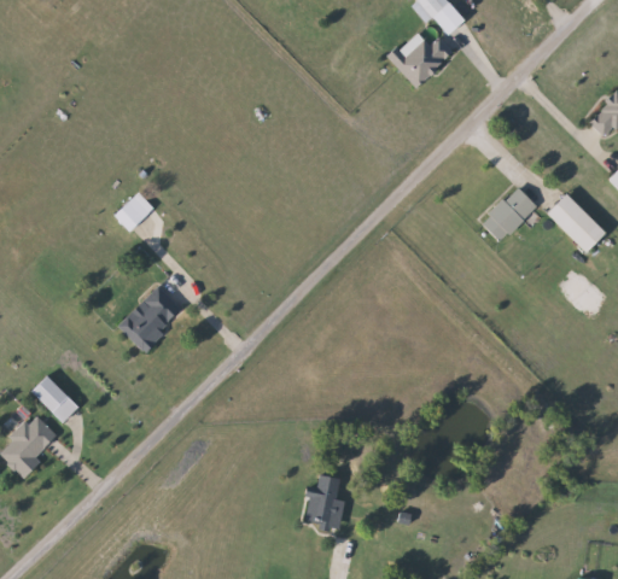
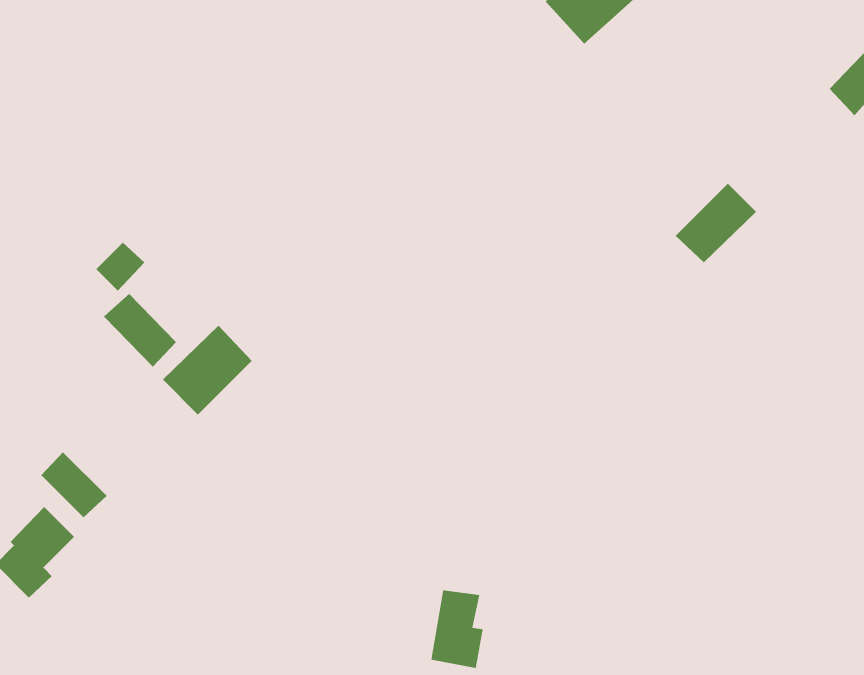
building: [548,194,607,252] -> none
building: [112,198,147,233] -> [96,242,145,292]
building: none -> [103,293,177,367]

